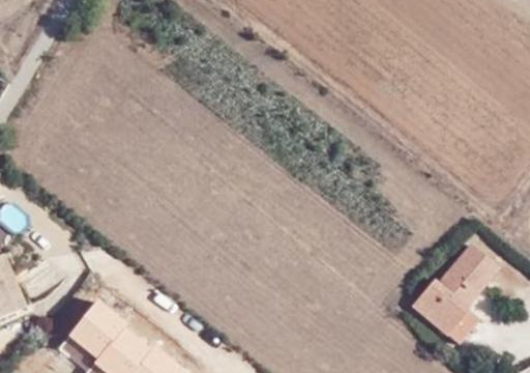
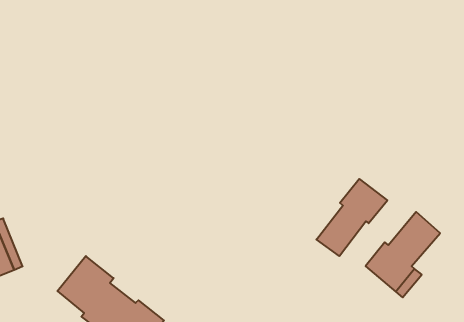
building: none -> [316,179,387,256]

